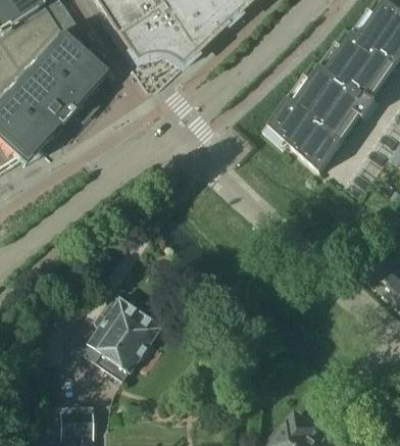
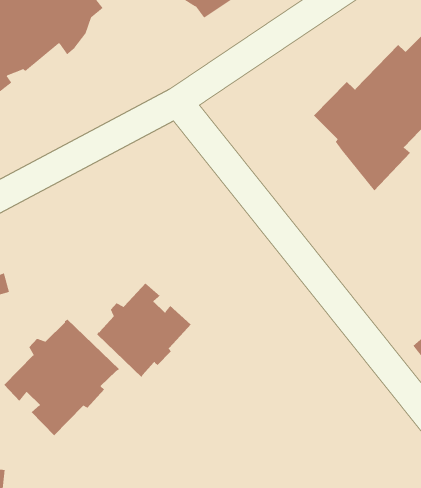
building: none -> [96,283,192,378]

